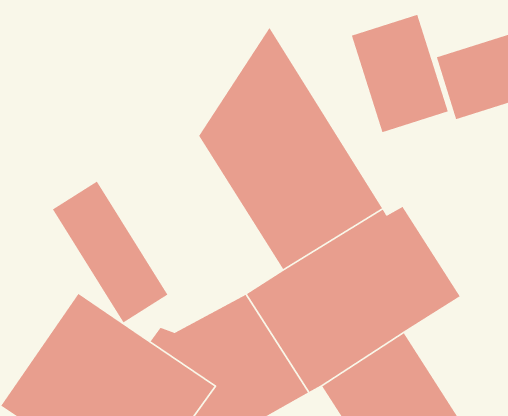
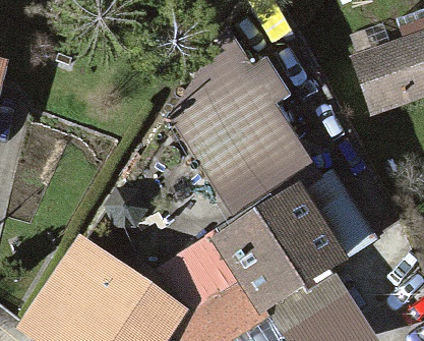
building: [351,14,449,133] -> none
building: [52,181,168,323] -> none

